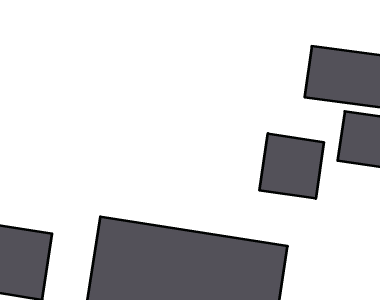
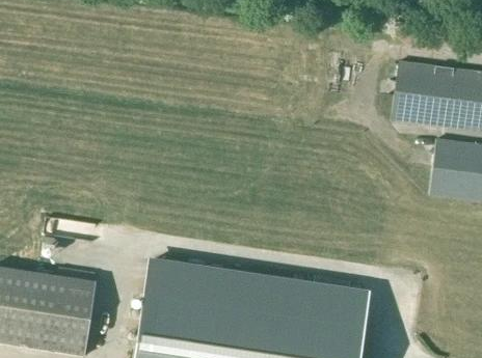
building: [260,133,324,199] -> none

